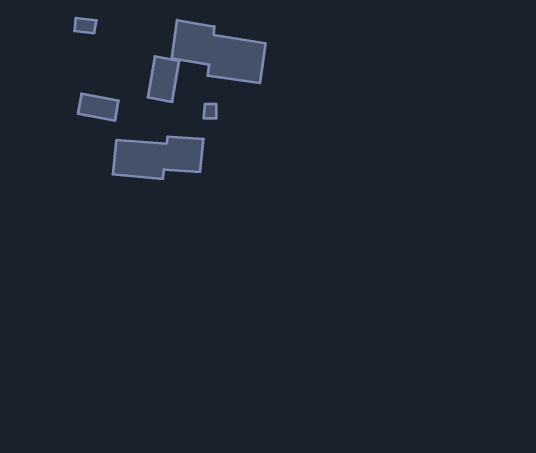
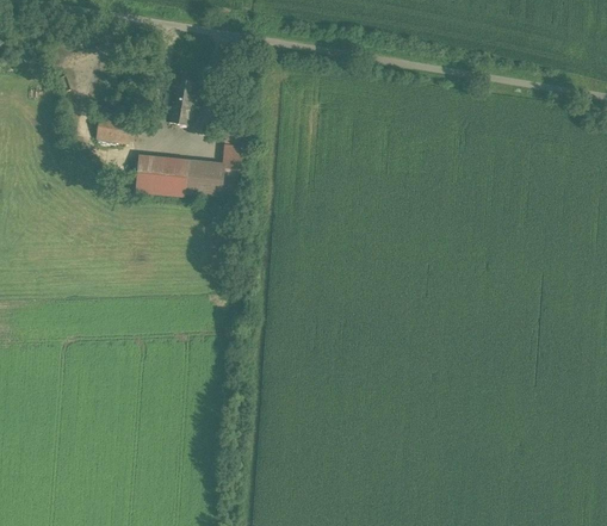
building: [172,20,265,83] -> none

